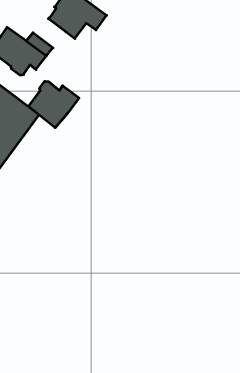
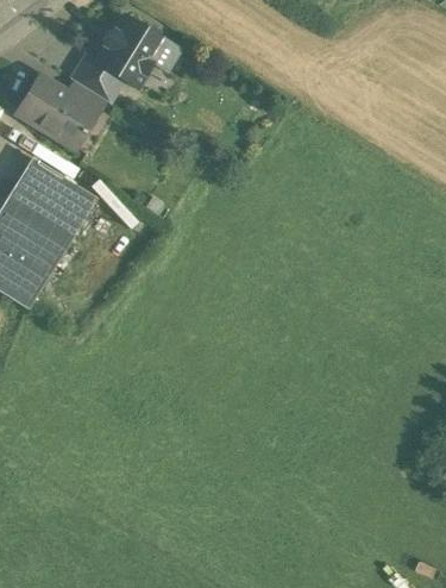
building: none -> [74,55,125,102]
building: [28,81,79,128] -> none

